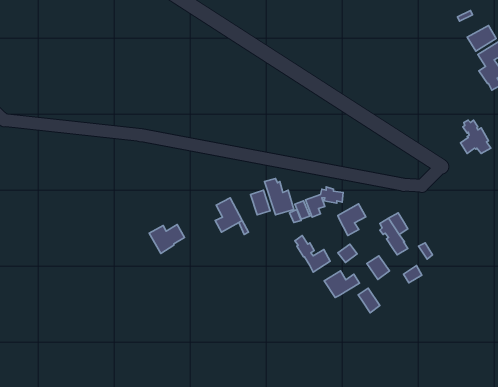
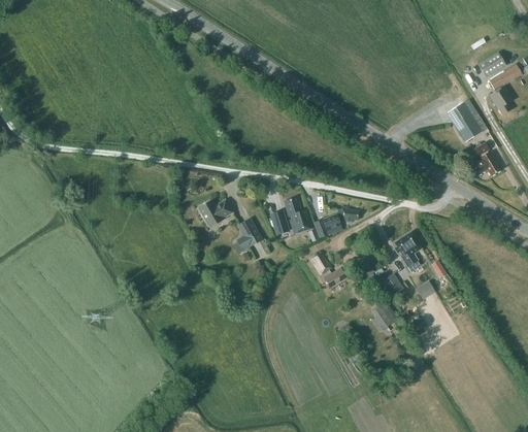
building: none -> [448,102,482,141]
building: [338,204,366,235] -> none
building: [149,225,185,254] -> [199,200,233,228]
building: [324,271,359,298] -> none

